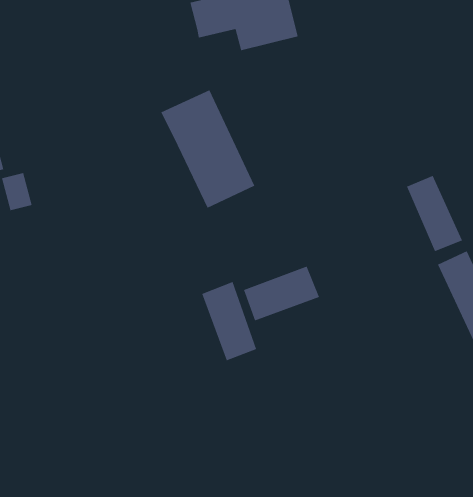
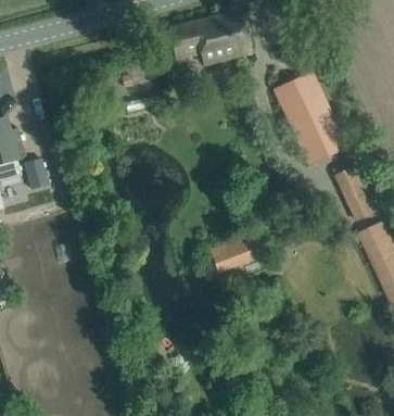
building: [160,89,255,208] -> [272,73,345,164]
building: [201,281,257,361] -> none

